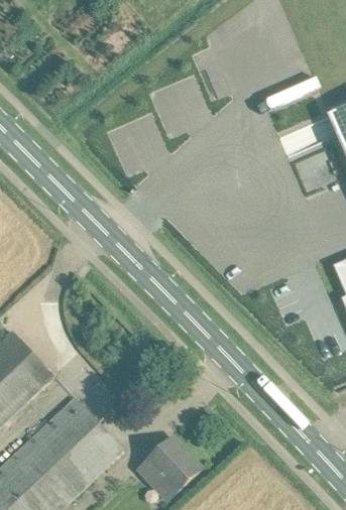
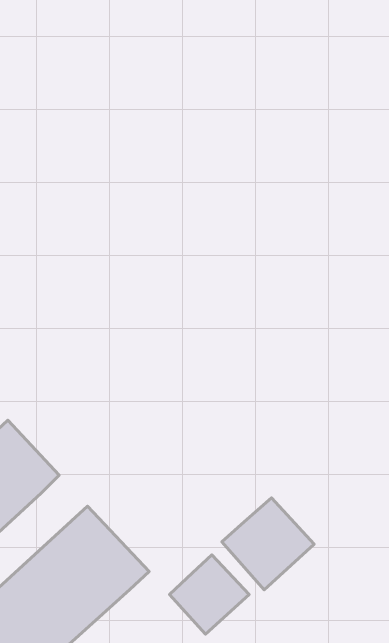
building: none -> [222,498,314,590]

